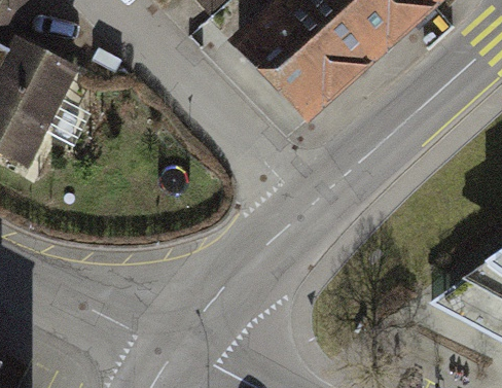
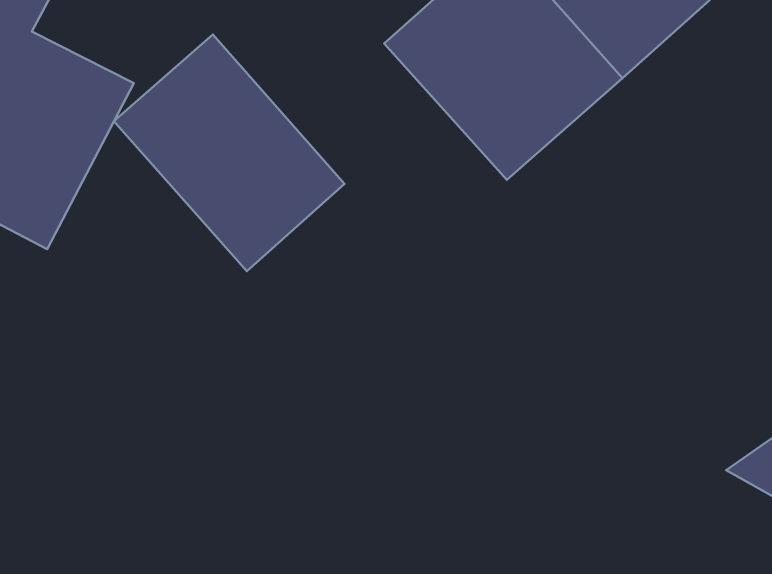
building: none -> [114,34,344,271]

